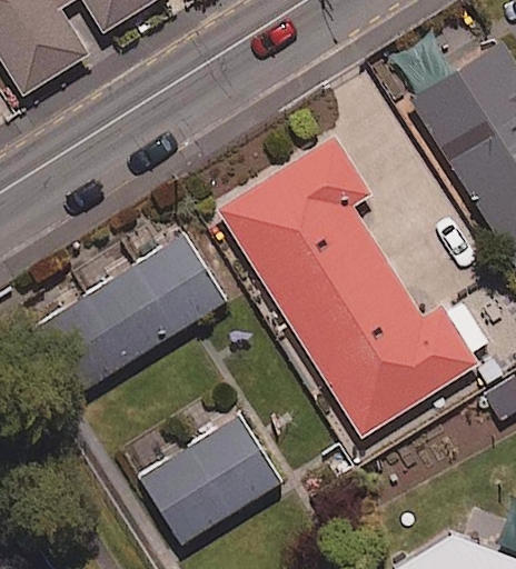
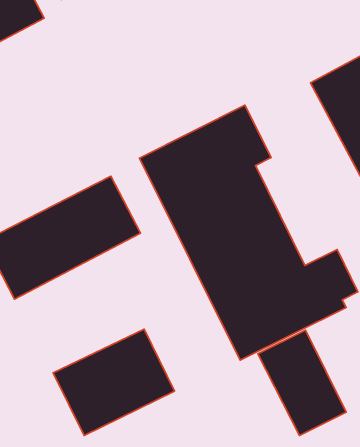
building: none -> [258,330,346,435]

